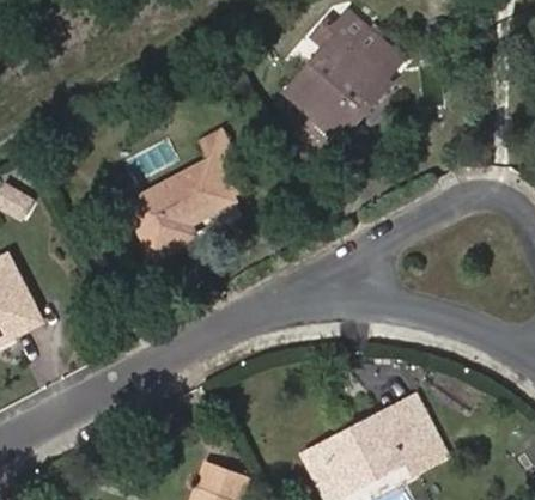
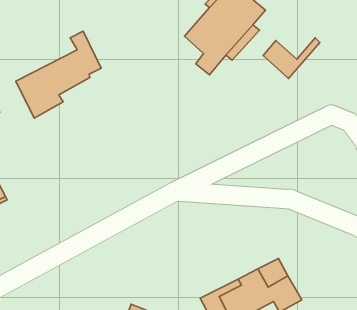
building: none -> [263,38,320,79]
building: [127,129,245,250] -> [16,31,101,118]

